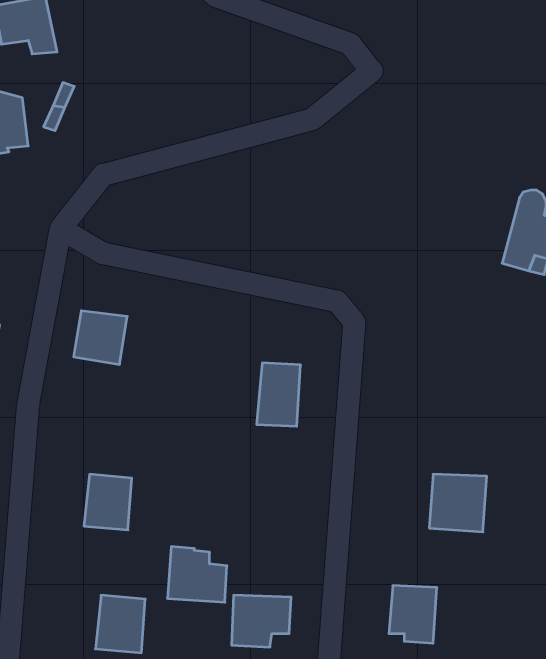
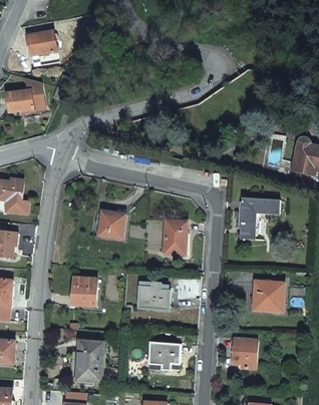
building: [74,311,127,364] -> [95,212,123,240]
building: none -> [238,197,278,239]
building: [167,547,227,602] -> [136,281,168,310]

